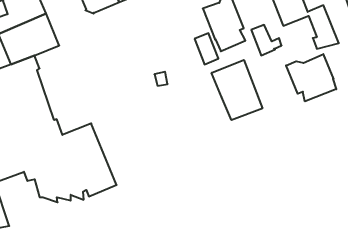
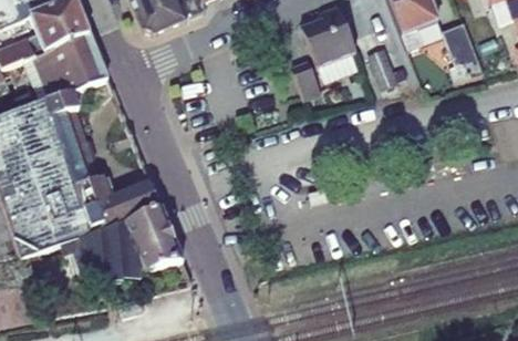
building: [286,54,336,101] -> none
building: [212,60,262,120] -> none

